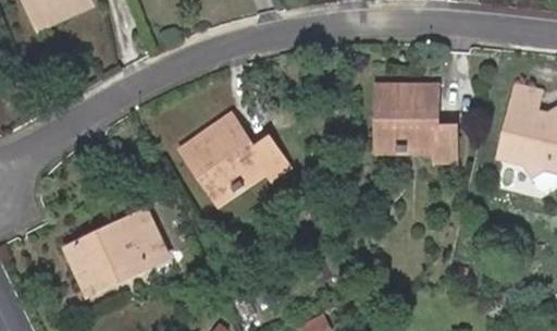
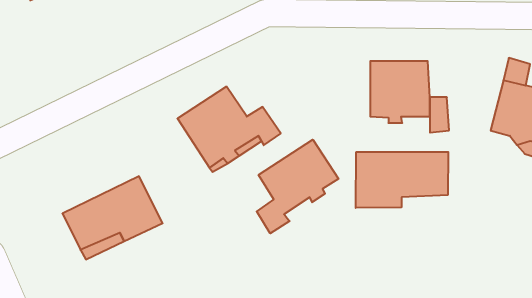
building: none -> [257,140,338,233]
building: none -> [356,152,448,208]

